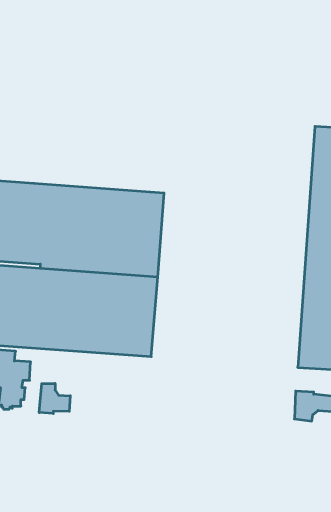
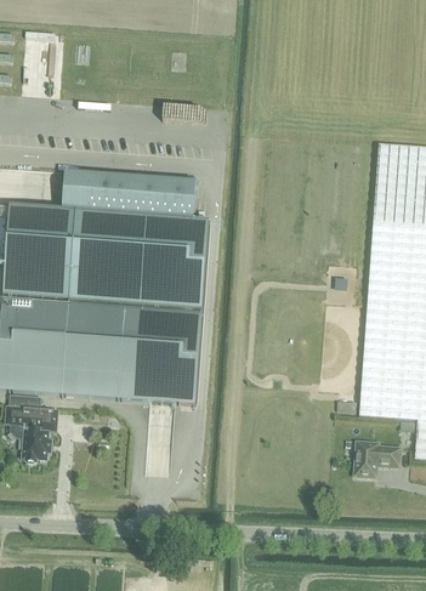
building: none -> [63,170,195,217]
building: [39,383,70,414] -> none

